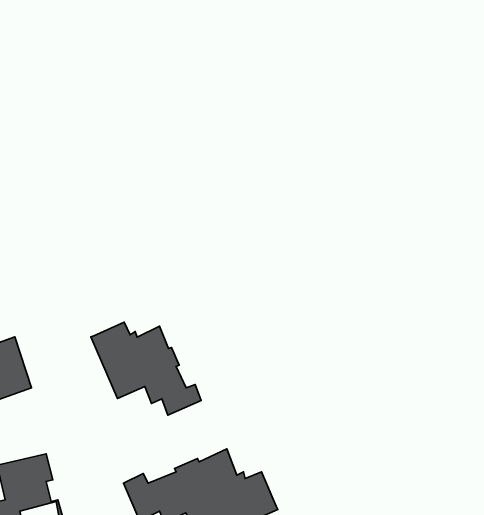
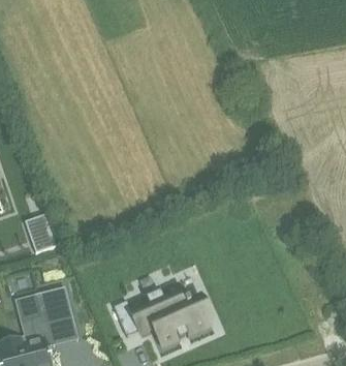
building: [91,322,201,415] -> none

